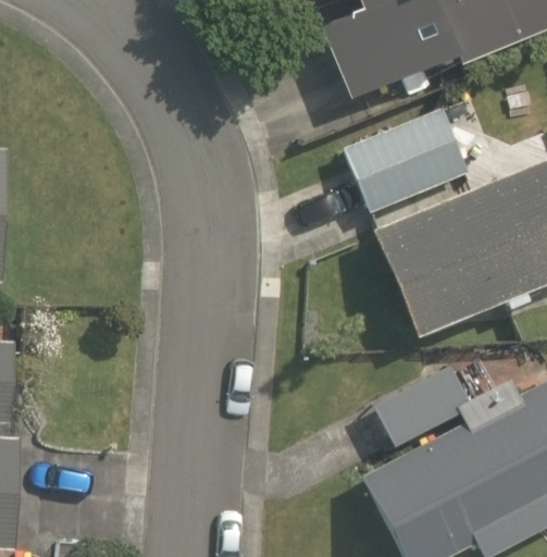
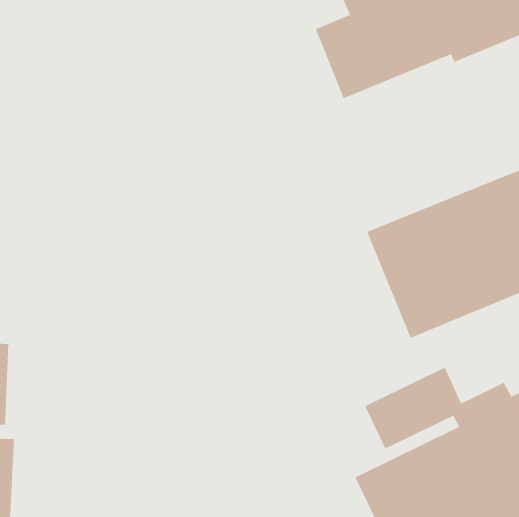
building: [346,111,470,212] -> none

